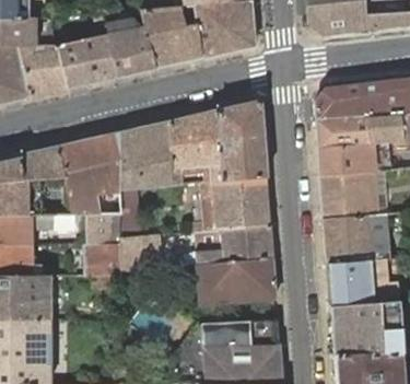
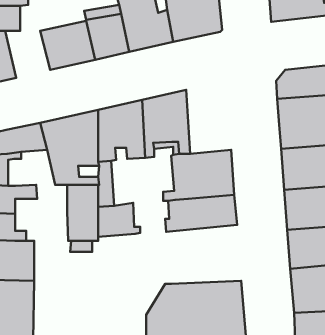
building: [19,45,68,96] -> none
building: [216,100,266,179] -> none
building: [195,257,276,303] -> none

